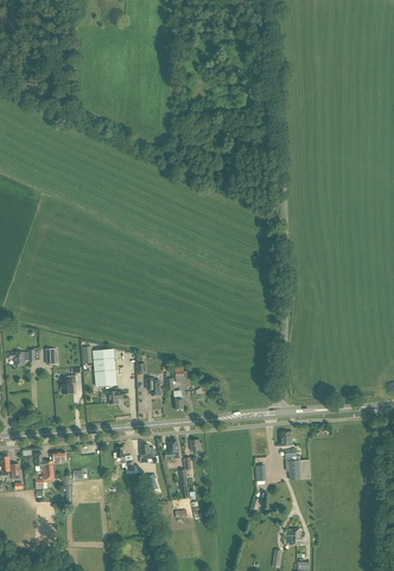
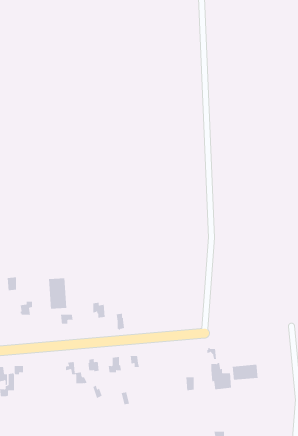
building: none -> [232,364,258,380]

